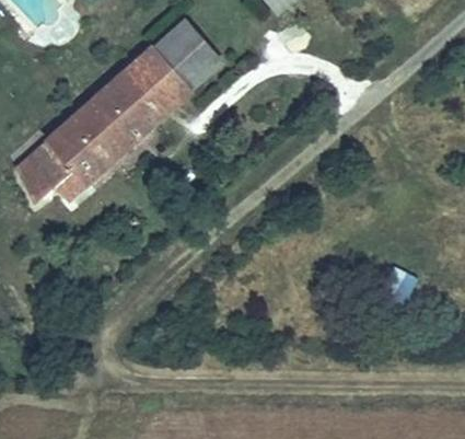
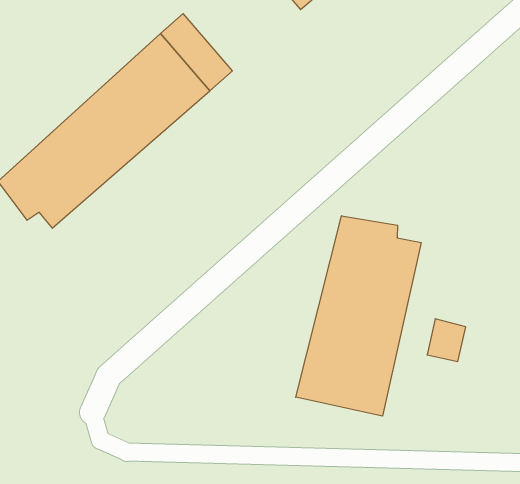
building: none -> [296,216,421,416]

